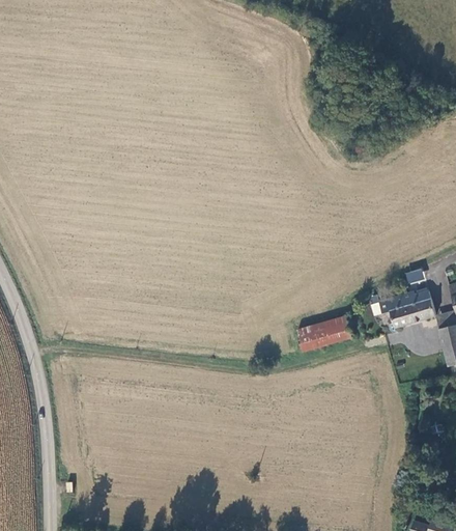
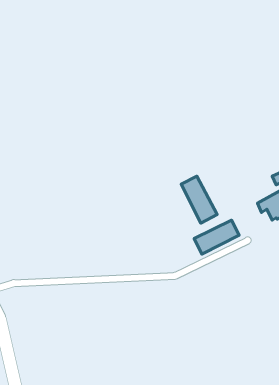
building: none -> [181,176,217,223]

